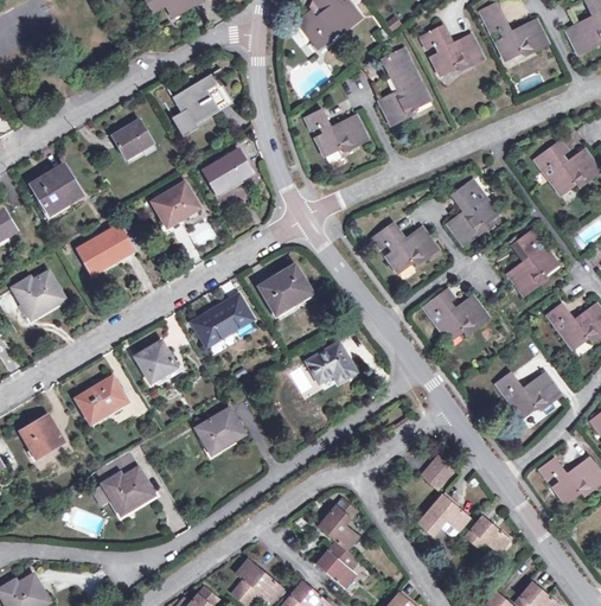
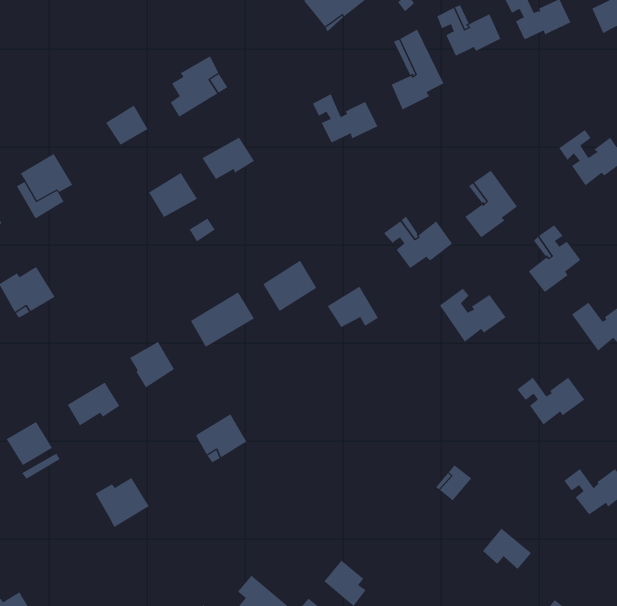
building: [79,225,133,270] -> none
building: [306,342,354,381] -> [327,286,379,328]
building: [418,495,469,535] -> none
building: [318,498,358,550] -> none

